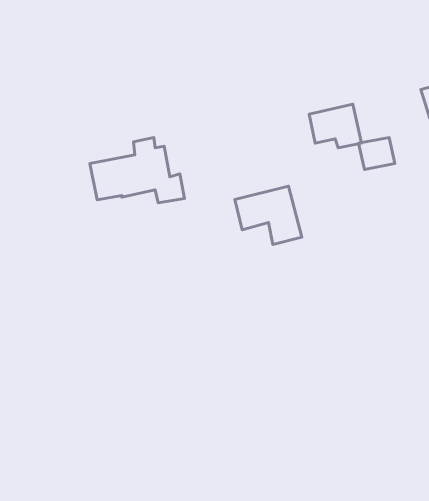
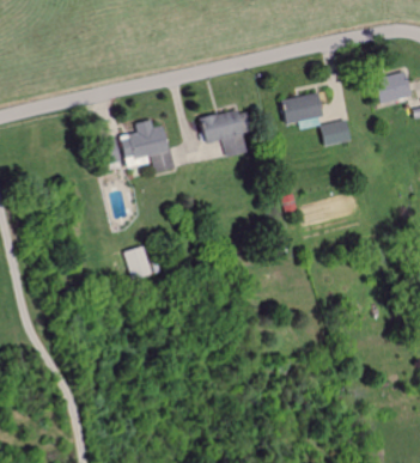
building: [235,186,302,244] -> [197,108,252,156]
building: none -> [128,245,154,278]

